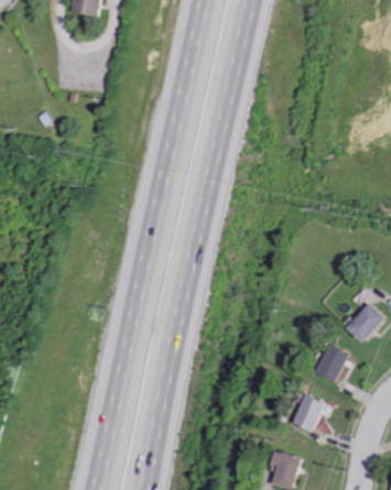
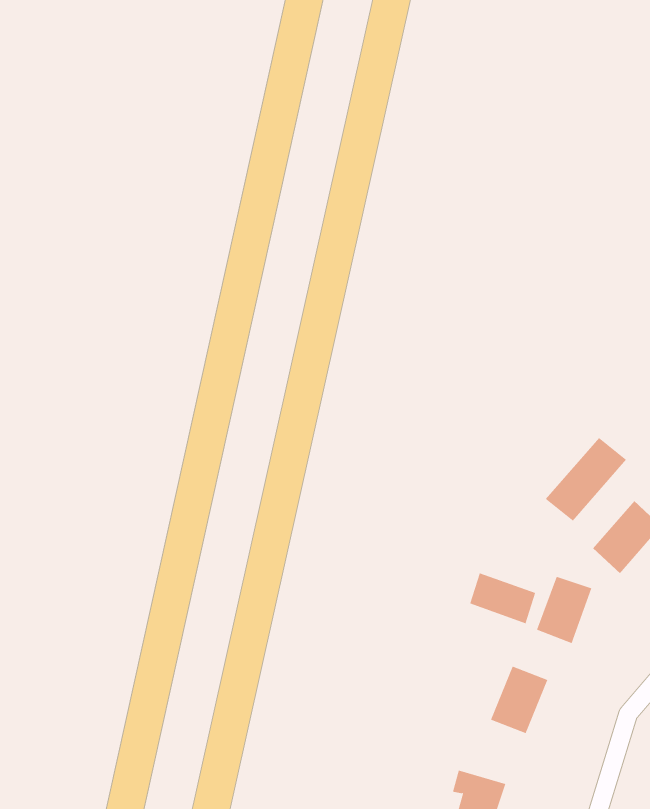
building: none -> [545,437,627,522]
building: none -> [469,572,536,624]

